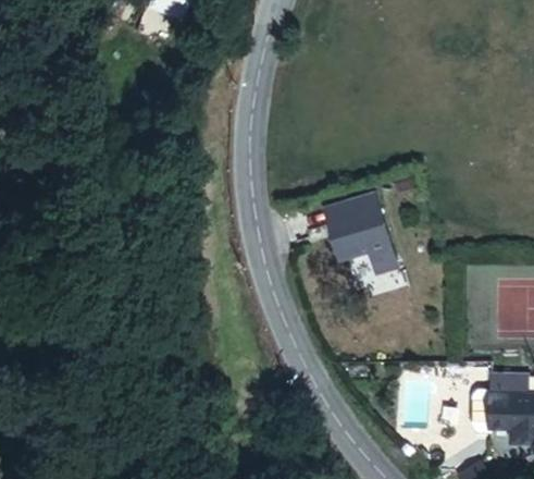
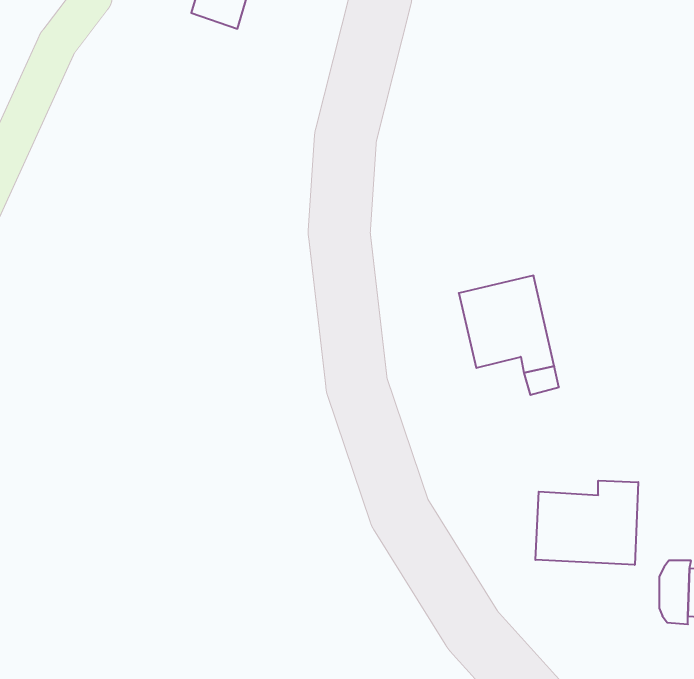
building: none -> [535,481,638,565]

